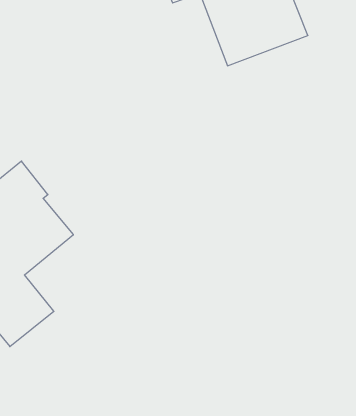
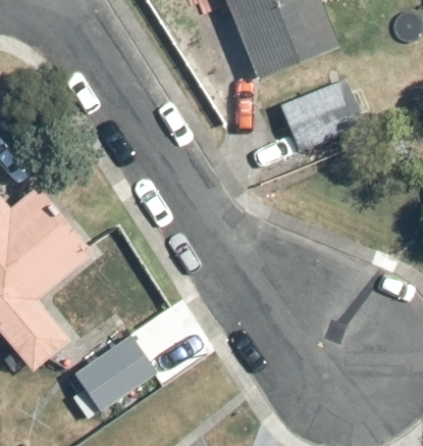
building: none -> [270,69,363,157]
building: none -> [74,331,163,424]

